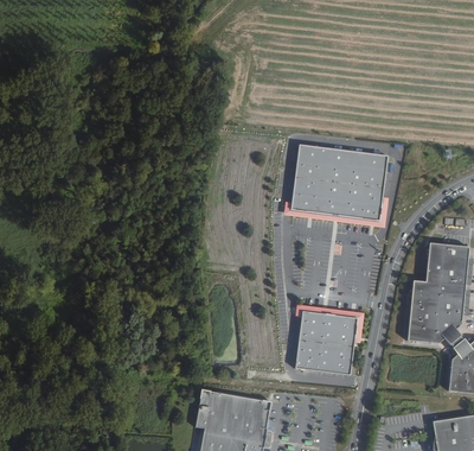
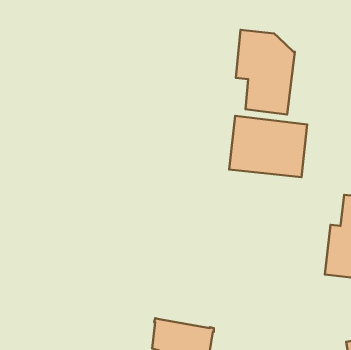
building: none -> [236,30,295,115]
building: [296,311,357,374] -> none

